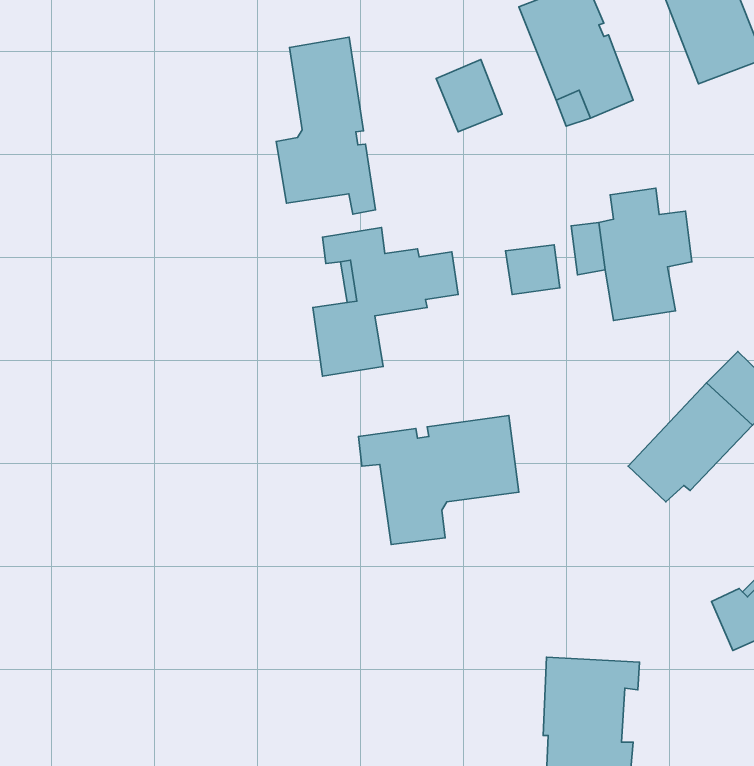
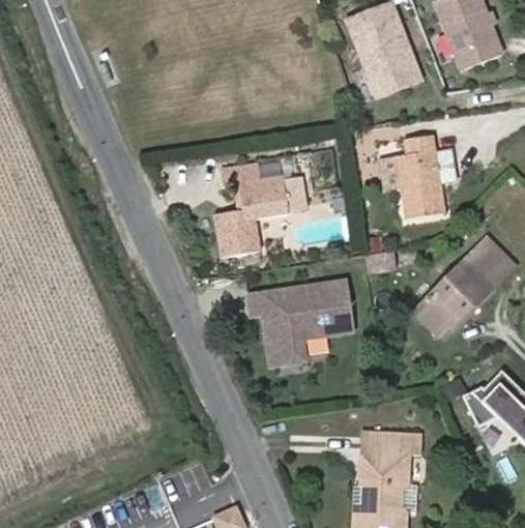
building: [276,37,376,214] -> none
building: [436,59,502,132] -> none
building: [505,245,560,295] -> none

